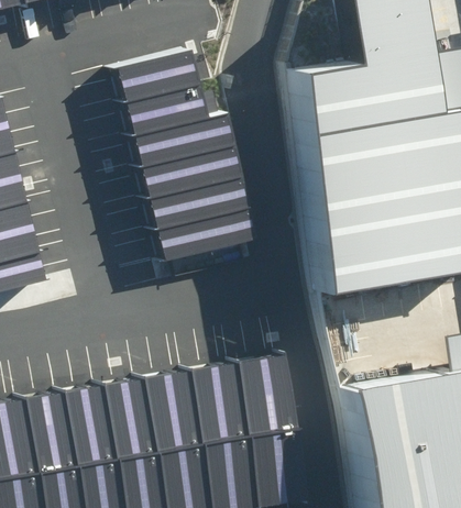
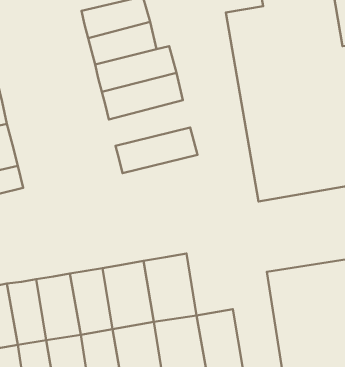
building: [147,174,245,229] -> none
building: [241,352,297,433] -> none

